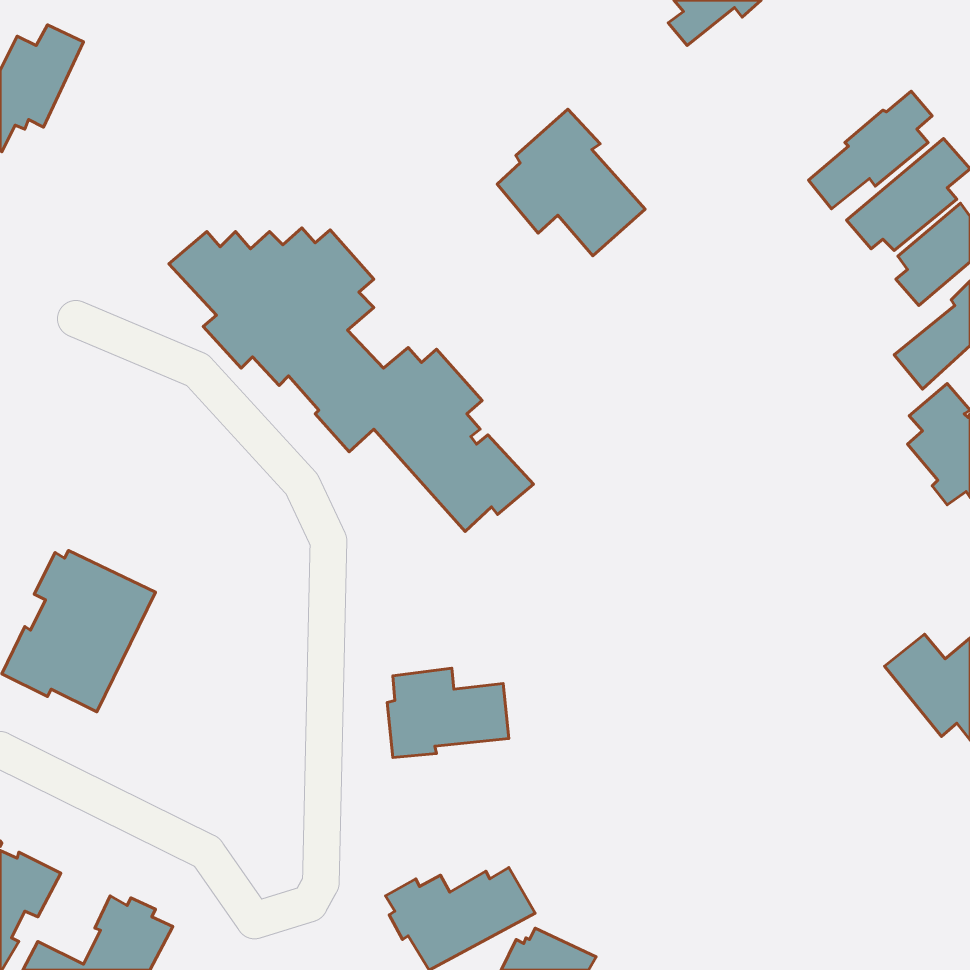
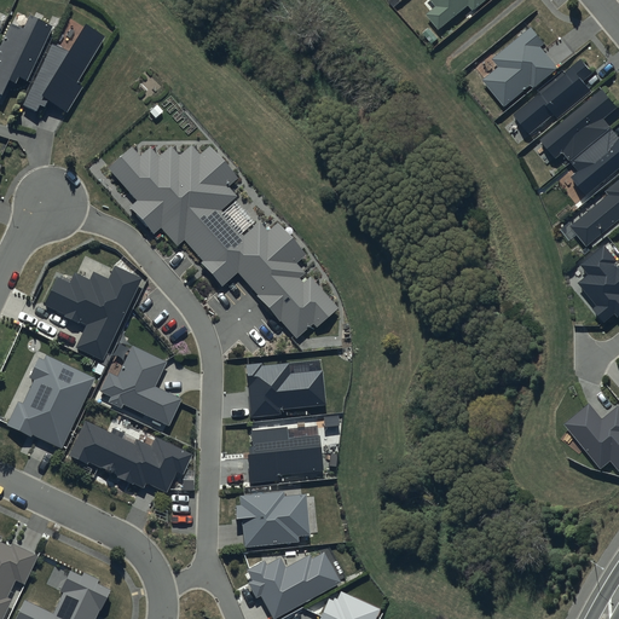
building: none -> [22,24,105,111]
building: none -> [484,28,559,106]
building: [497,109,645,256] -> none
building: none -> [45,267,140,360]
building: none -> [99,346,183,427]
building: none -> [245,363,325,417]
building: none -> [68,420,193,493]
building: none -> [236,492,311,548]

